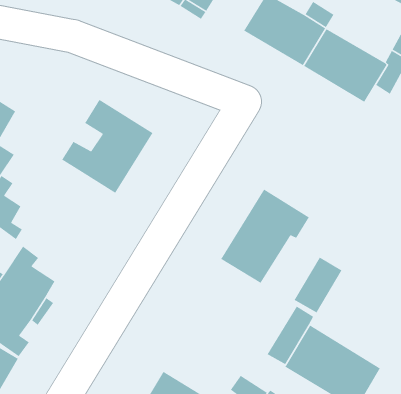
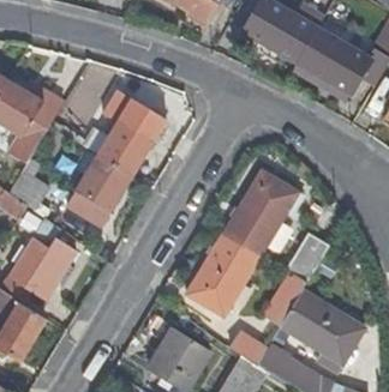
building: none -> [65,155,130,227]
building: none -> [185,233,258,315]

